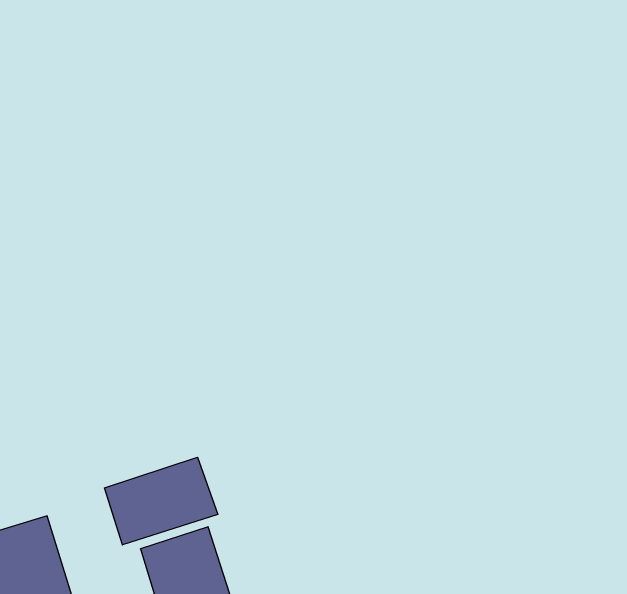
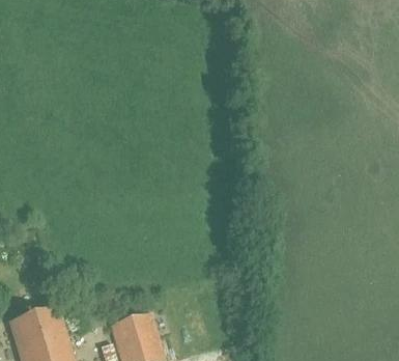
building: [105,457,218,545] -> none

